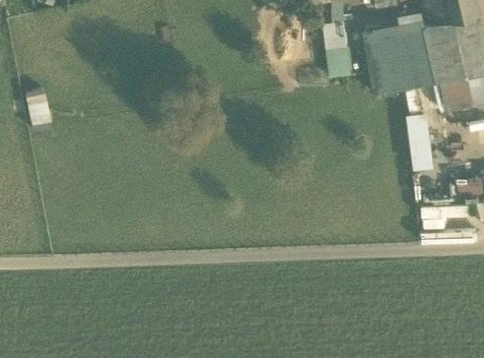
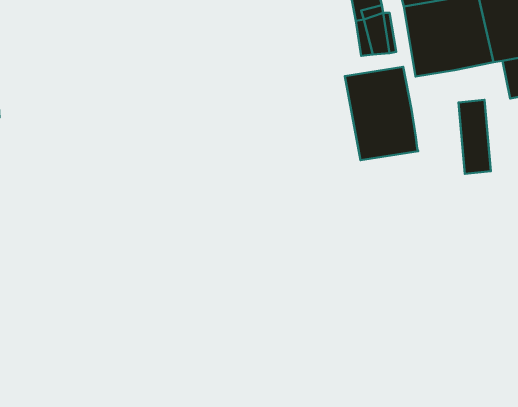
building: none -> [345,67,418,160]

